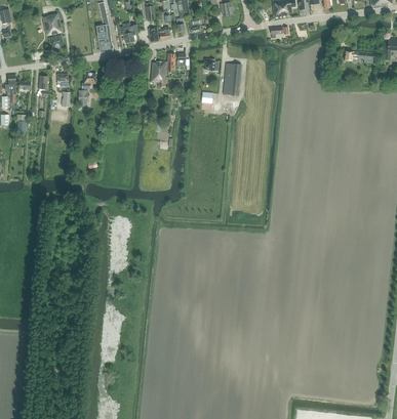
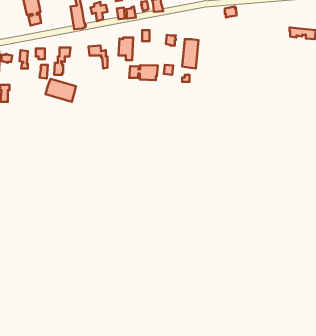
building: none -> [129,65,158,80]
building: none -> [46,79,76,102]

